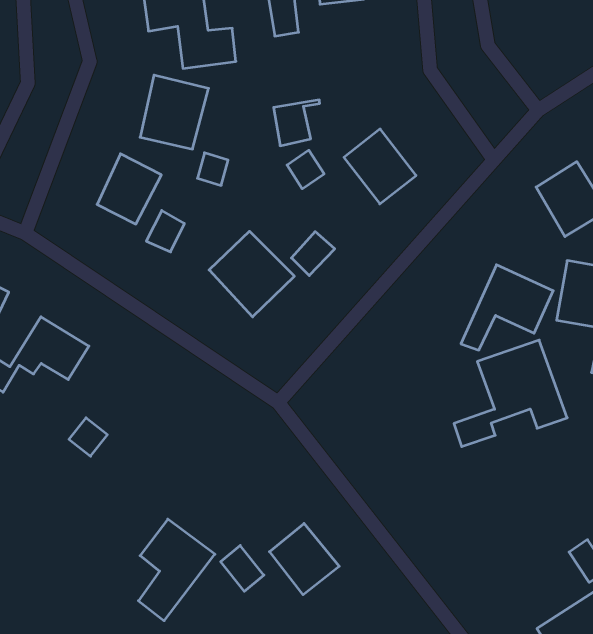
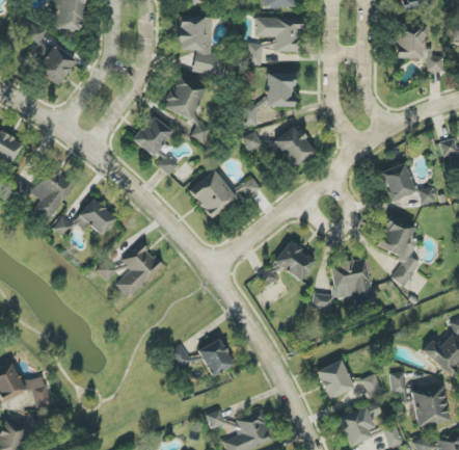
building: none -> [267,73,295,107]
building: [461,265,553,350] -> [260,240,316,286]
building: [138,519,215,621] -> [116,242,163,298]
building: none -> [317,360,354,399]

